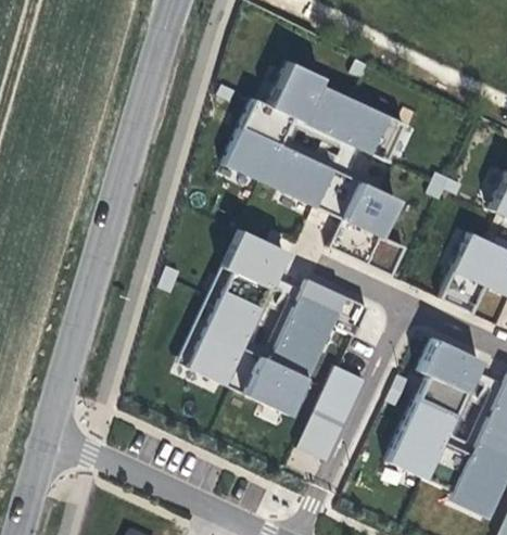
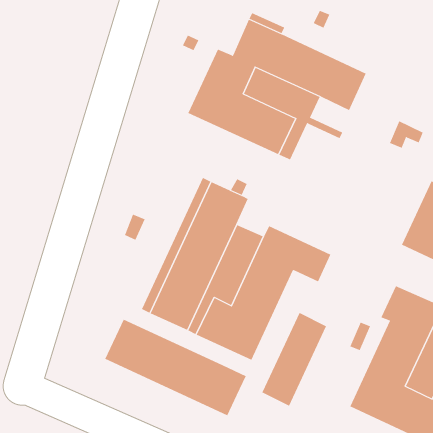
building: [328,175,405,276] -> none
building: none -> [105,319,246,416]

